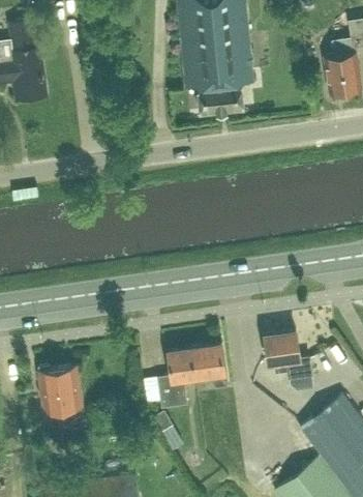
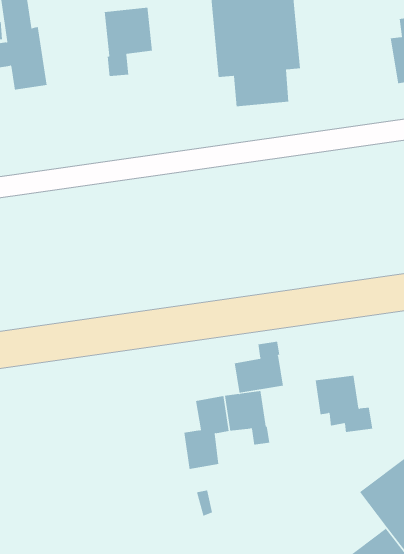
building: none -> [104,7,152,77]
building: none -> [234,341,284,394]
building: [38,366,83,427] -> none

